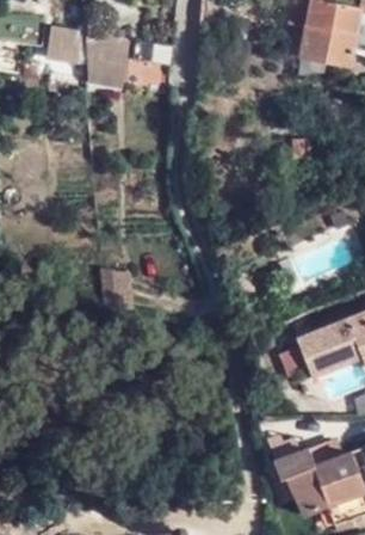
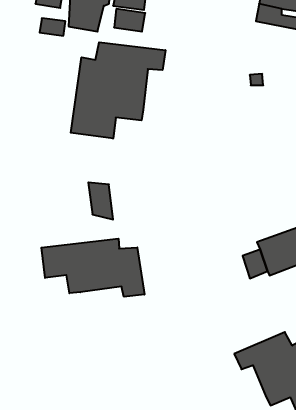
building: none -> [71,42,165,139]
building: none -> [41,239,144,297]

